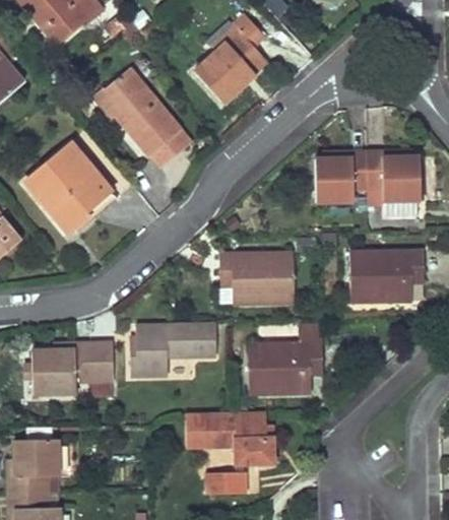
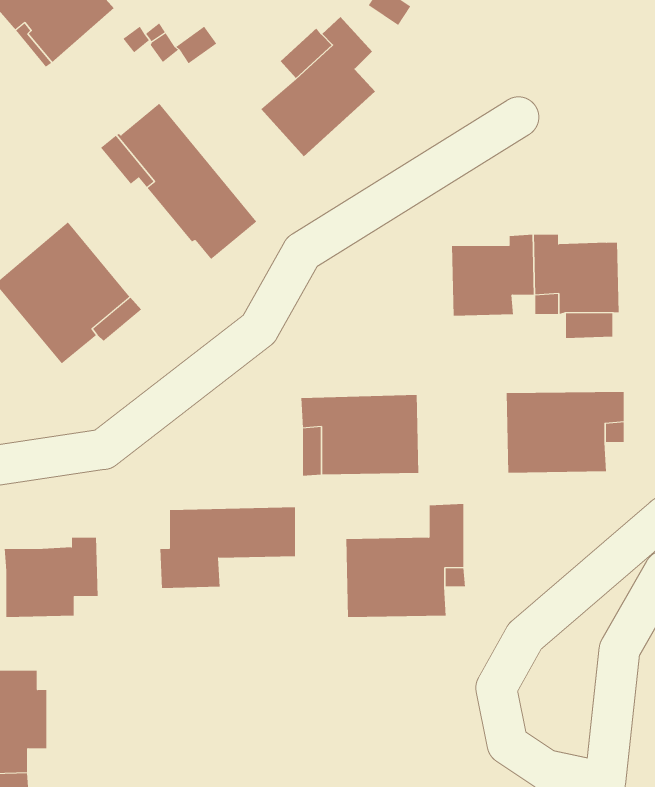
building: [90,341,114,380] -> none
building: [186,412,274,464] -> none
building: [207,471,246,494] -> none

